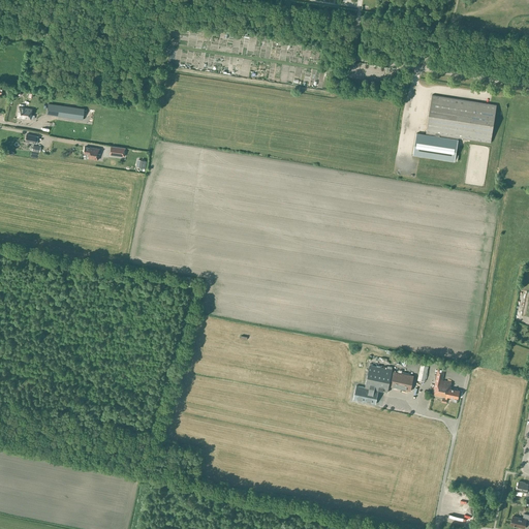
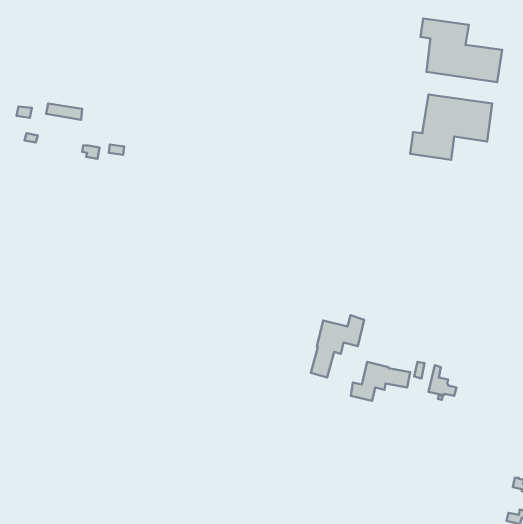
building: none -> [420,18,502,82]
building: none -> [311,315,364,377]

